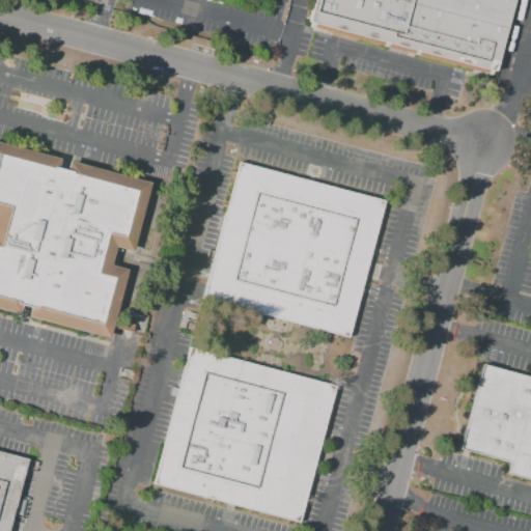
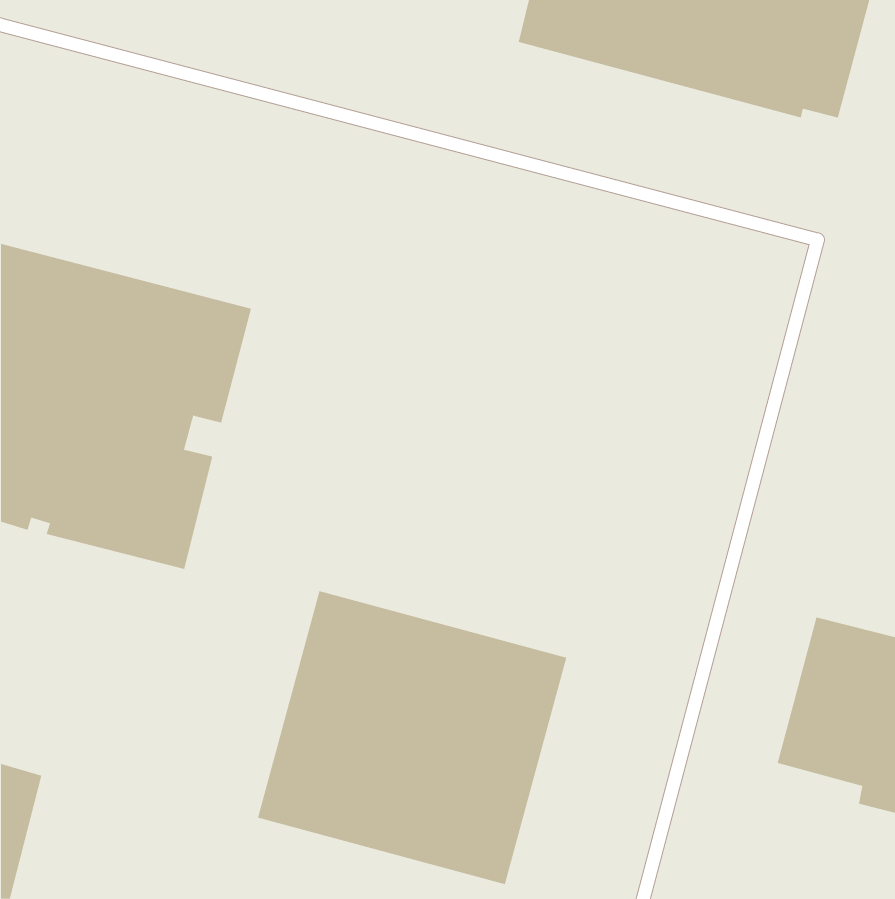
building: [204,162,385,336] -> none

